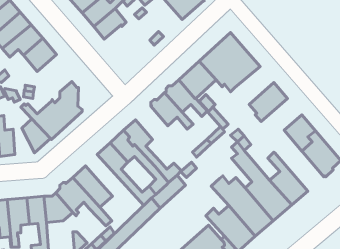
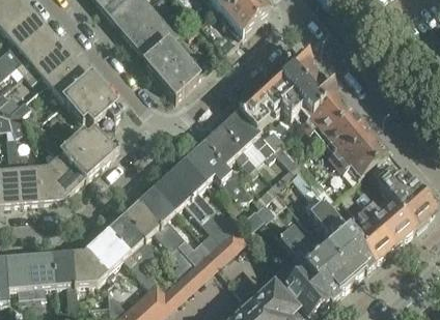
building: none -> [144,41,198,98]
building: none -> [64,77,121,123]
building: none -> [307,92,355,139]
building: none -> [336,132,389,182]
building: none -> [186,141,251,196]
building: none -> [36,168,62,200]
building: none -> [356,191,416,244]
building: none -> [125,200,196,275]

